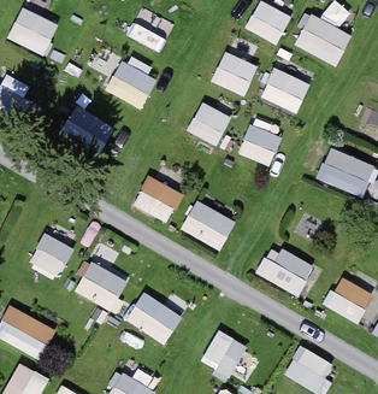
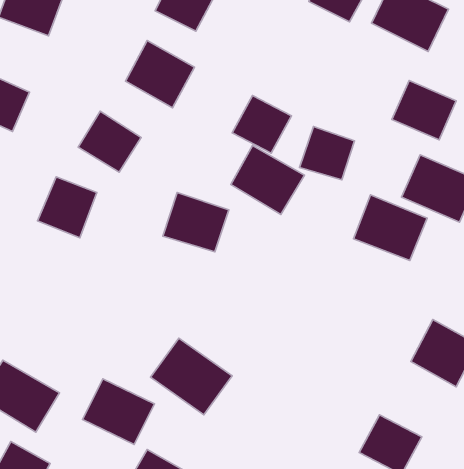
building: [211,49,258,95] -> none
building: [260,67,309,113] -> [392,80,456,140]
building: [181,198,237,251] -> [231,145,304,214]
building: [28,233,73,280] -> [37,177,97,238]
building: [256,243,313,294] -> [353,195,427,261]
building: [75,260,130,311] -> [82,379,155,445]
building: [200,328,249,378] -> none

